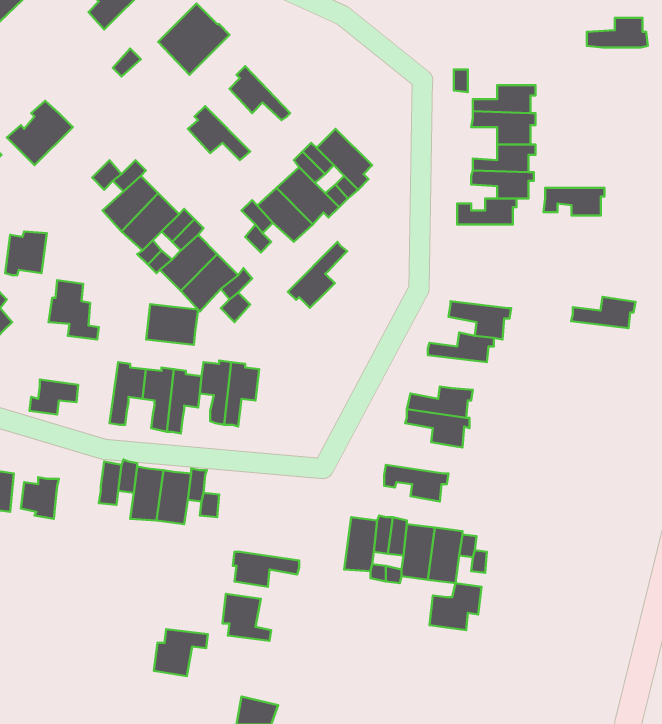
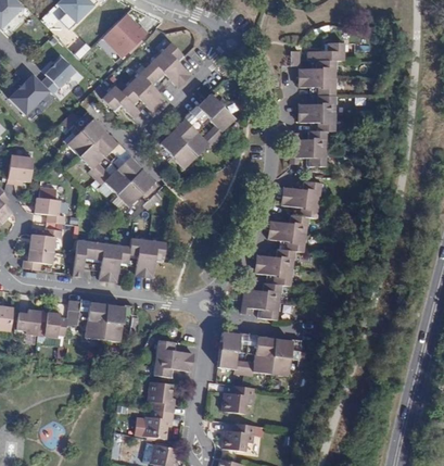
building: [587,18,648,47] -> [304,46,342,64]
building: none -> [156,42,191,81]
building: none -> [40,56,75,93]
building: none -> [131,66,165,105]
building: none -> [102,84,139,116]
building: [544,188,604,216] -> [288,151,326,168]
building: [288,242,347,308] -> none
building: [571,297,635,328] -> [284,184,325,203]
building: [146,304,198,345] -> none
building: none -> [28,228,63,251]
building: none -> [268,232,309,255]
building: none -> [244,286,286,306]
building: none -> [38,311,66,345]
building: none -> [151,338,192,361]
building: [429,583,482,630] -> [220,385,253,414]
building: [154,629,208,676] -> [138,407,172,437]
building: none -> [223,423,255,450]

